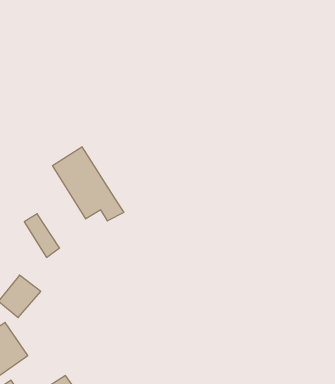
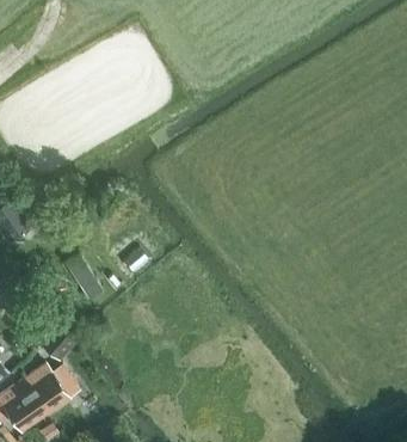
building: [53,147,124,221] -> none

